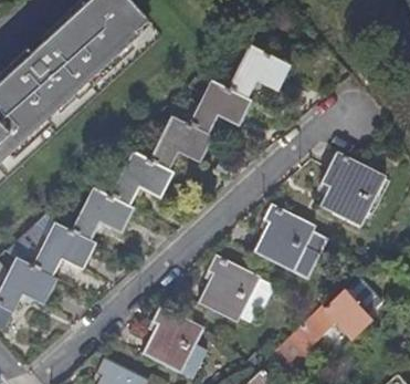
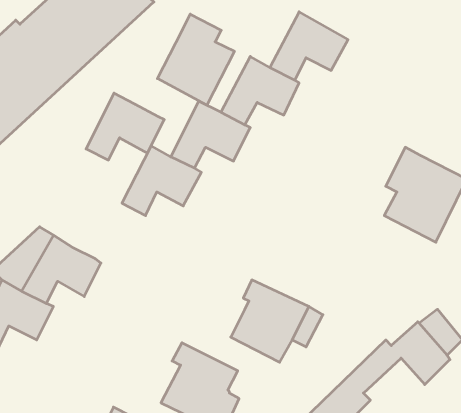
building: none -> [157,14,234,105]
building: [73,187,135,240] -> [86,93,164,160]
building: [253,205,327,279] -> none

